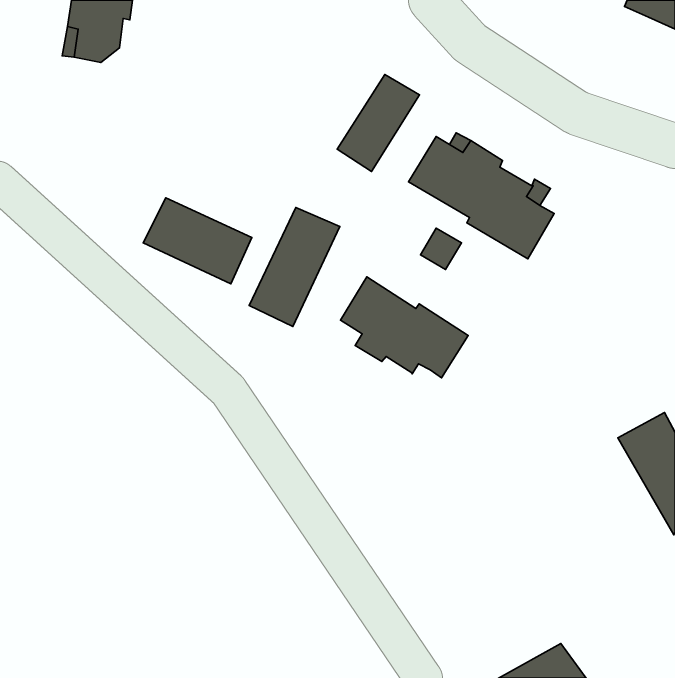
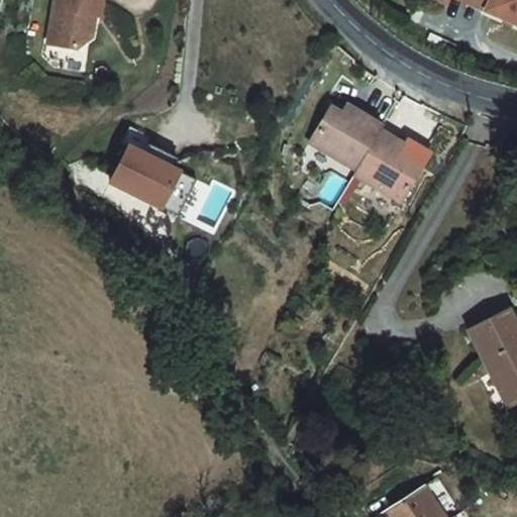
building: [337,74,420,171] -> none
building: [249,208,340,327] -> none
building: [340,277,468,378] -> none

